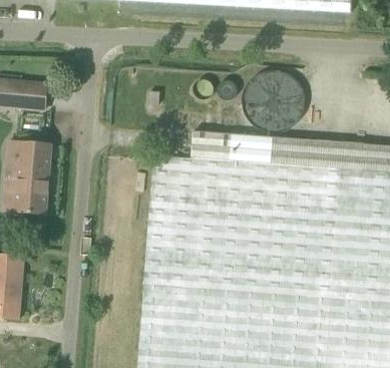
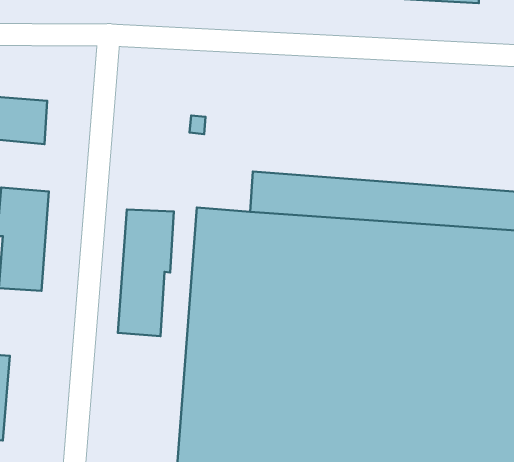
building: [248,75,297,137] -> none
building: none -> [118,209,174,336]

